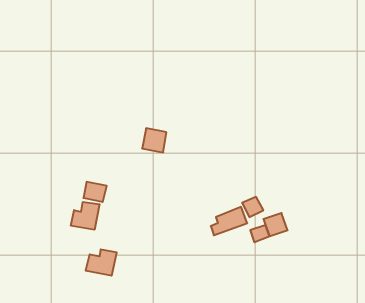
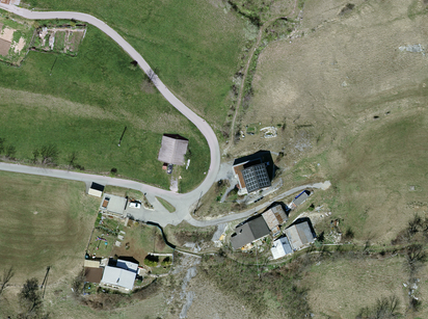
building: none -> [233,159,268,196]
building: [71,202,100,230] -> none

